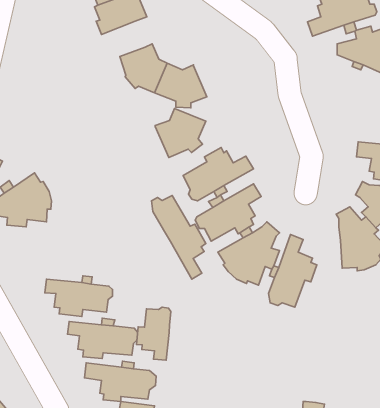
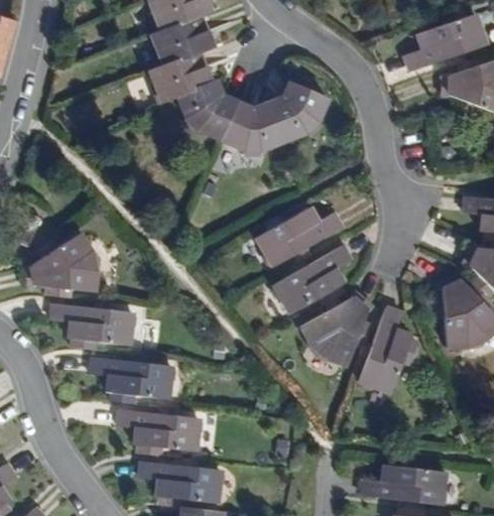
building: none -> [149,51,212,103]
building: [155,109,206,158] -> [269,84,330,142]
building: [151,195,206,279] -> none
building: none -> [51,300,137,352]
building: [137,307,171,360] -> none
building: none -> [363,458,448,504]

